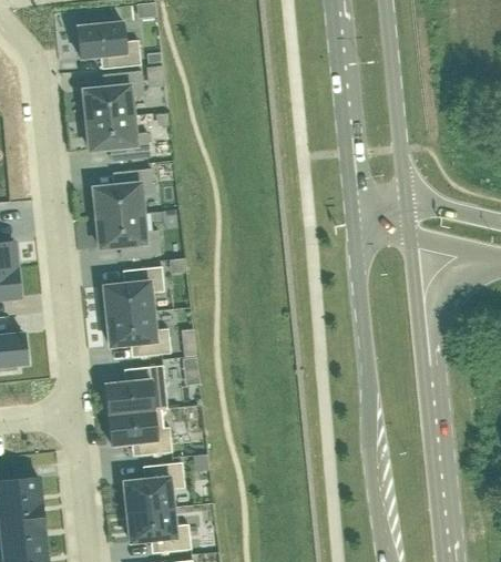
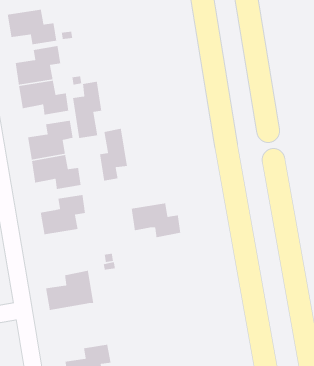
building: none -> [72,81,102,139]
building: none -> [99,128,128,181]
building: [106,311,170,357] -> [131,203,181,238]
building: [108,409,171,456] -> none

